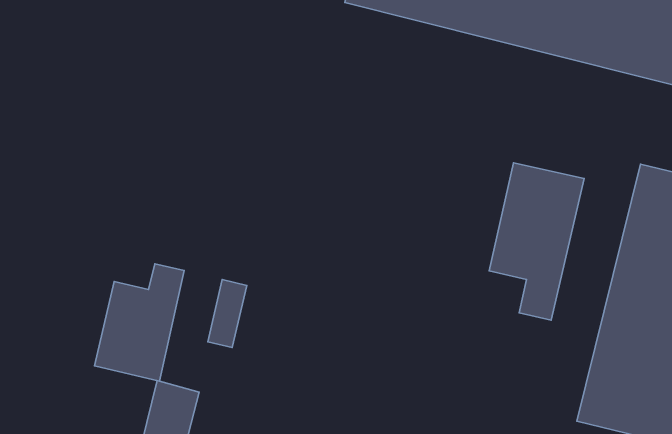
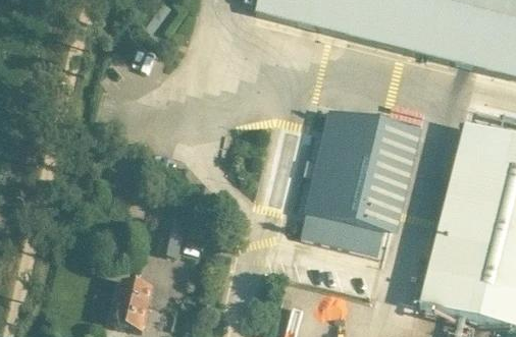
building: none -> [301,112,384,251]
building: [94,264,184,381] -> none

